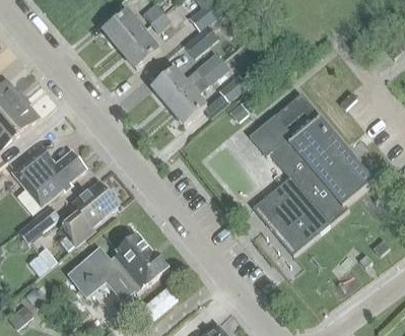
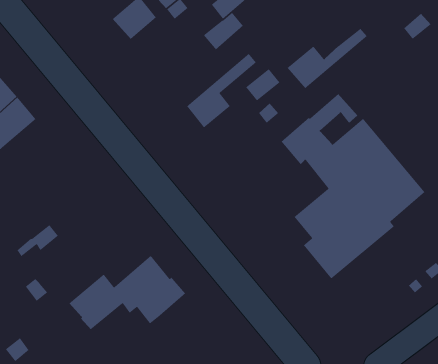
building: [120,28,158,67] -> none
building: [151,52,221,105] -> [286,28,368,89]
building: [13,147,86,205] -> none
building: [63,181,117,246] -> none

